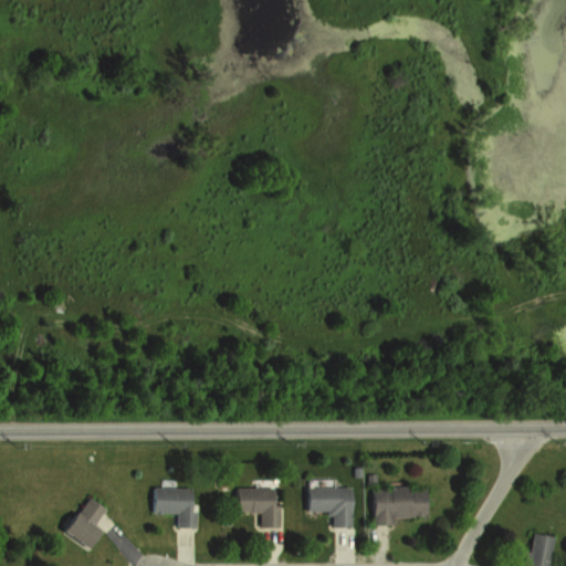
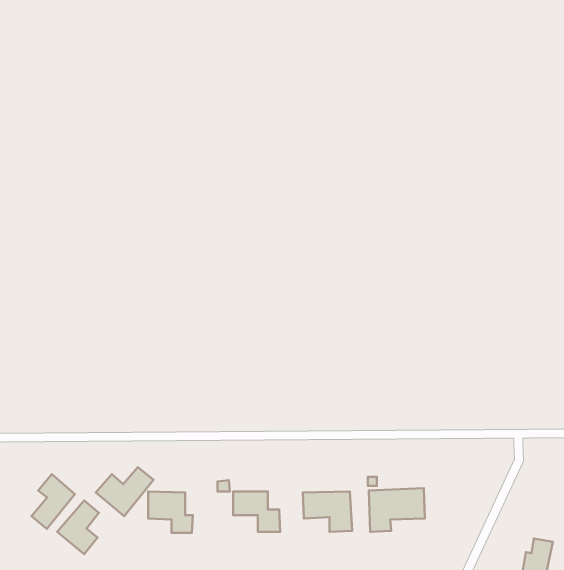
building: none -> [96,467,154,516]
building: none -> [31,474,75,529]

